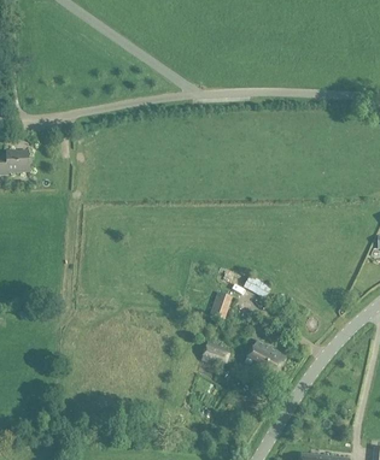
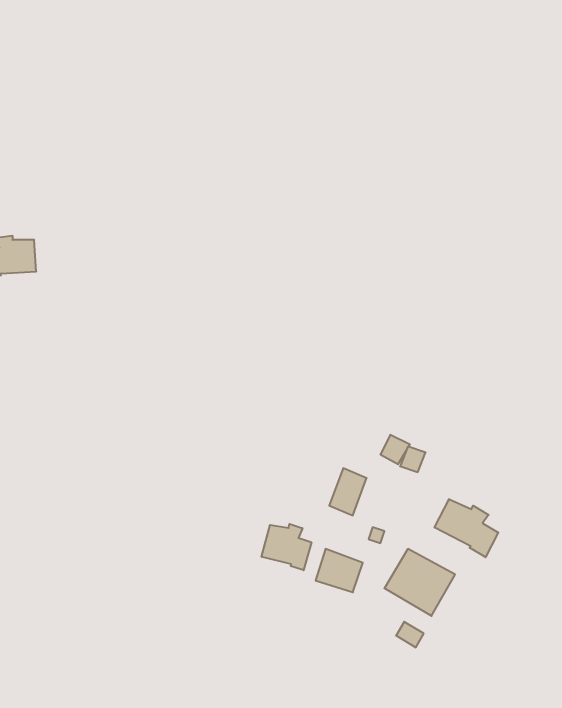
building: none -> [435,499,498,557]
building: none -> [262,524,311,570]

